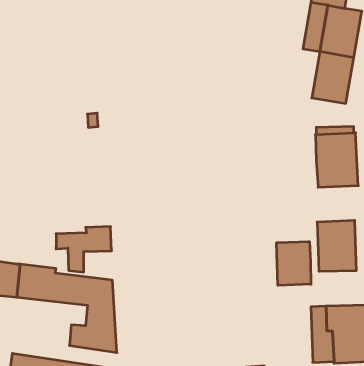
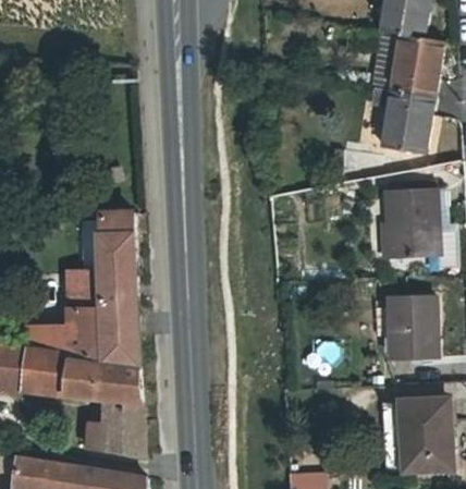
building: none -> [70,208,137,313]
building: [277,242,311,285] -> none
building: none -> [23,329,86,357]
building: none -> [105,333,139,365]

